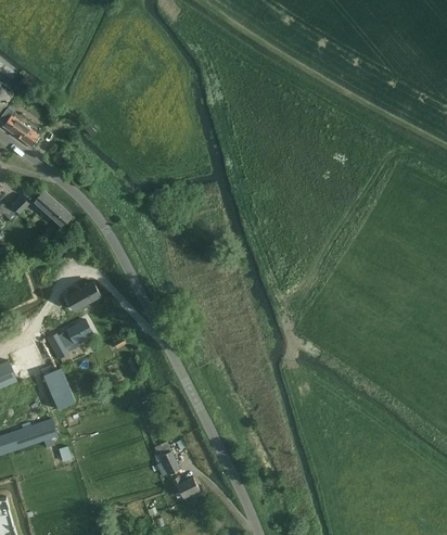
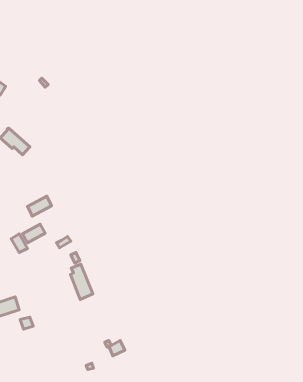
building: [43,360,74,408] -> [70,264,93,300]
building: [154,442,179,476] -> none

